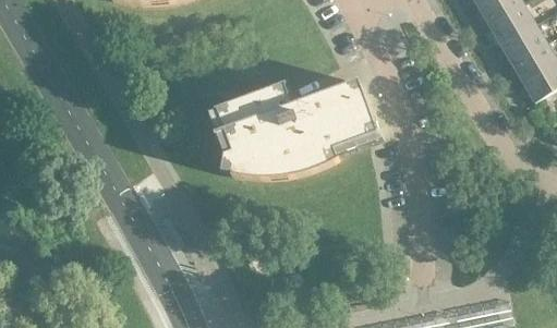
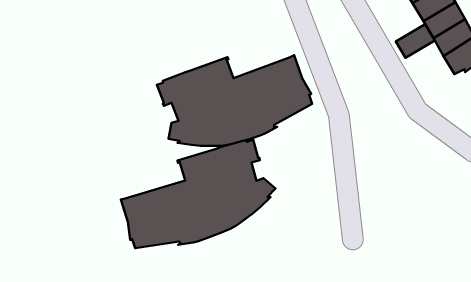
building: none -> [396,24,435,58]
building: none -> [121,140,276,248]

